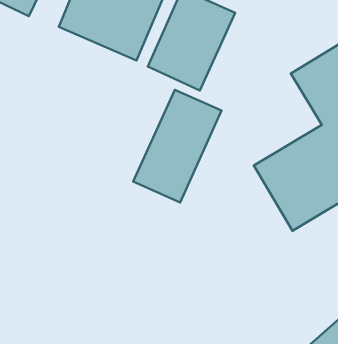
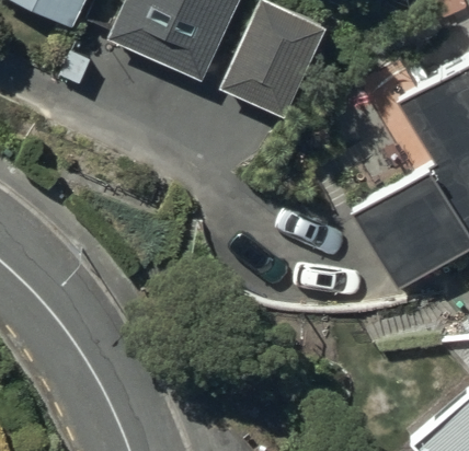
building: [133,90,222,203] -> none

